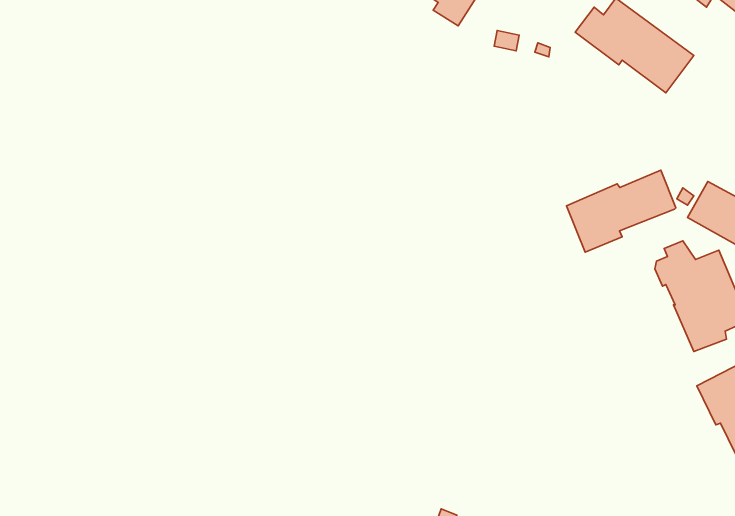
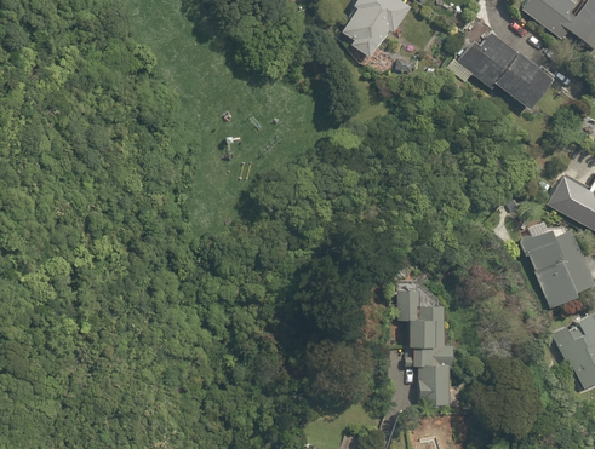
building: [566,170,676,252] -> none
building: none -> [396,281,452,405]

